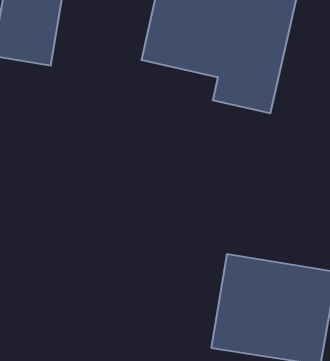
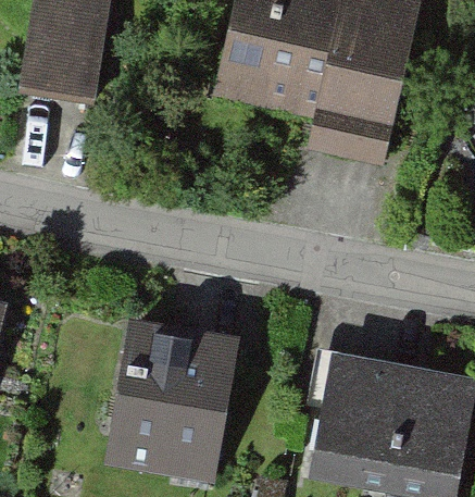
building: none -> [108,322,239,474]

